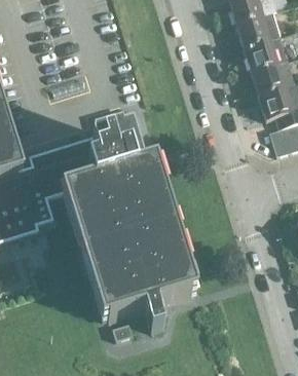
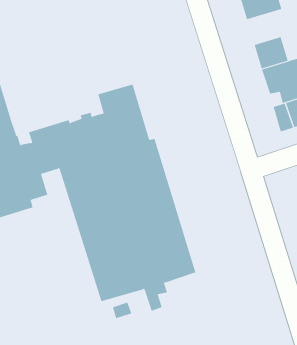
building: [245,37,287,72] -> none

